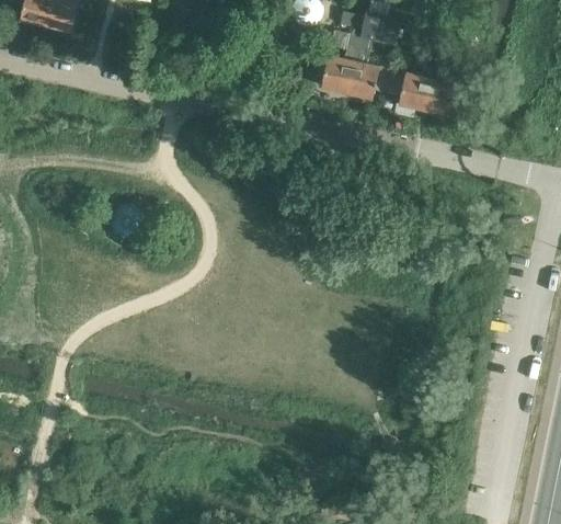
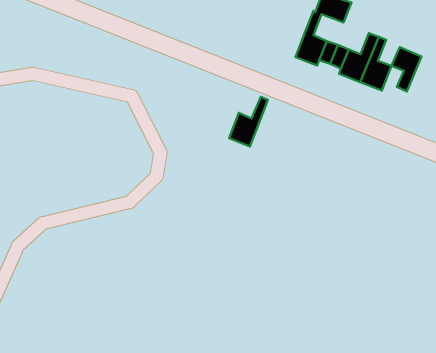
building: [320,34,357,92] -> [229,97,268,146]
building: none -> [392,47,421,92]

